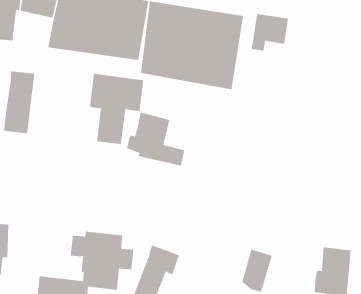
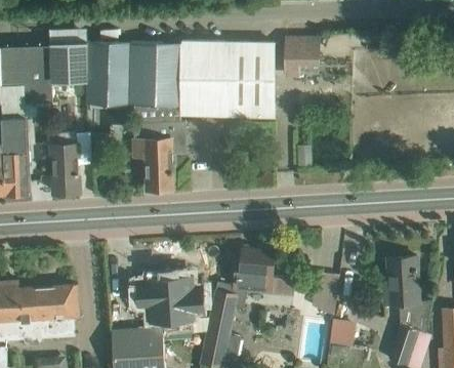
building: [126,112,185,166] -> [234,248,292,295]

